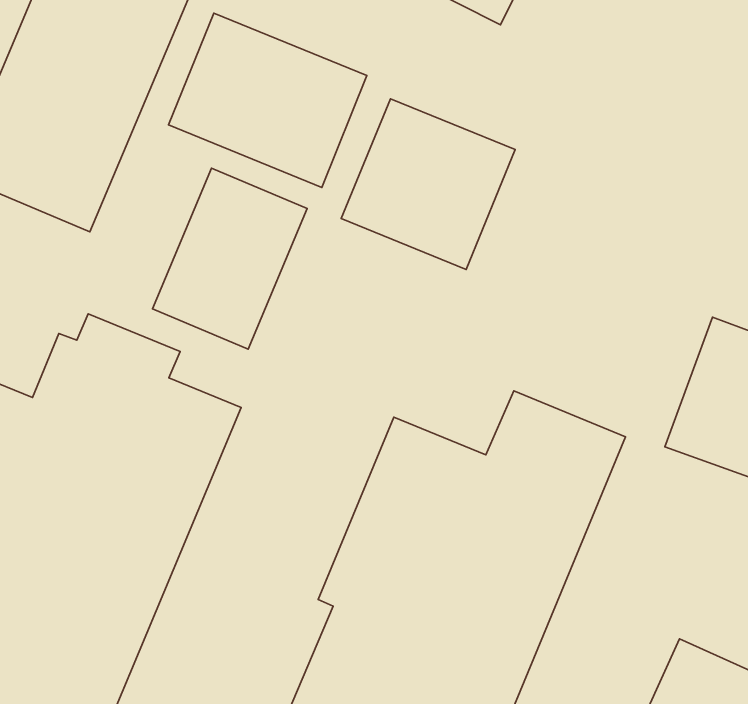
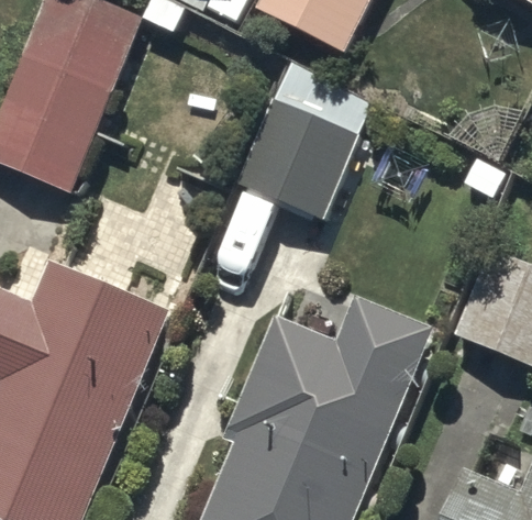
building: [169,13,367,187] -> none
building: [152,168,307,349] -> none

